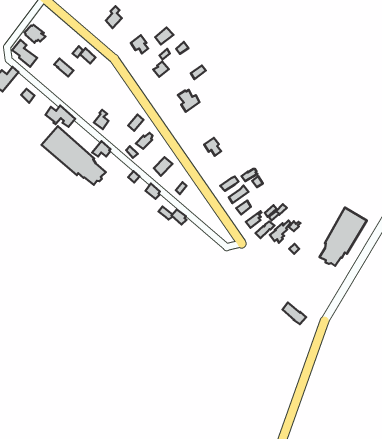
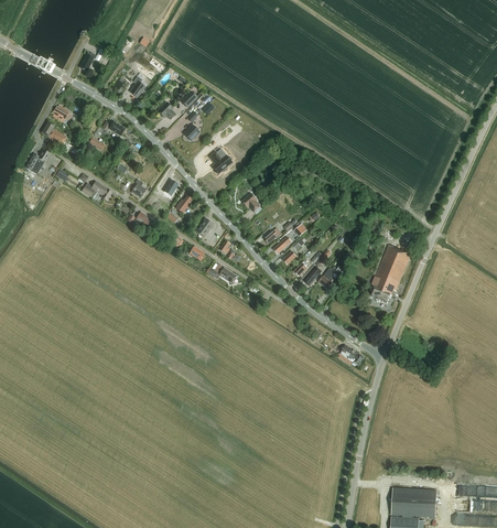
building: [42,126,106,185] -> none

